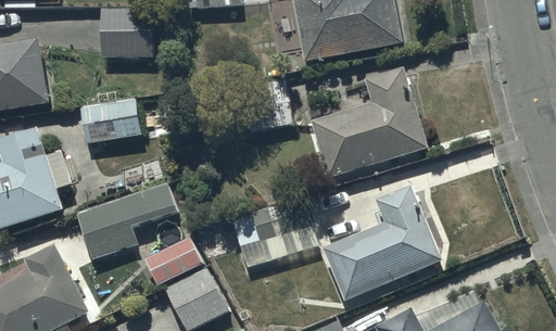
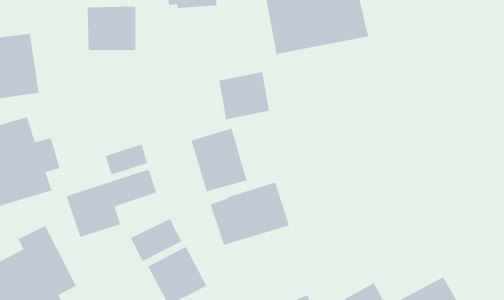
building: [311,67,427,177] -> none
building: [80,100,140,142] -> none
building: none -> [190,127,247,192]
building: [324,184,442,300] -> none

